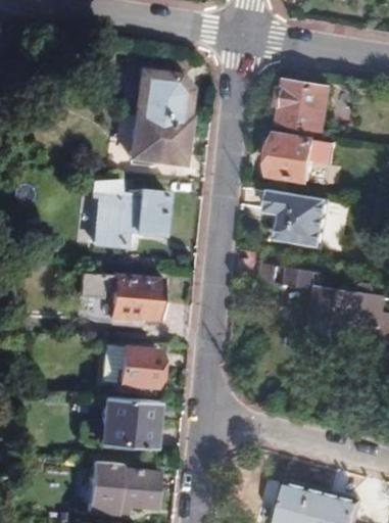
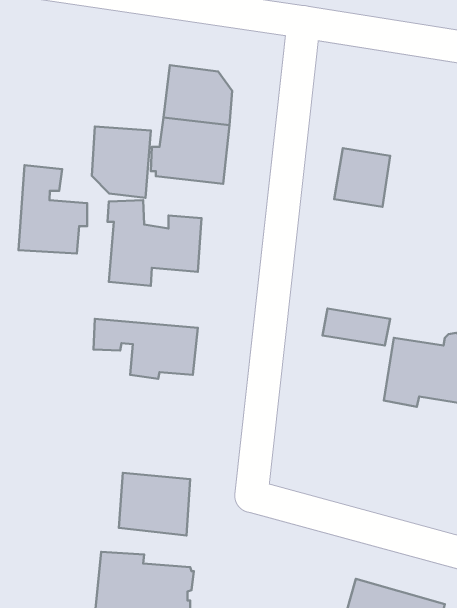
building: [282,83,331,132] -> none
building: none -> [92,126,151,198]
building: none -> [18,165,87,254]
building: [268,191,331,247] -> none
building: [102,345,156,386] -> none

